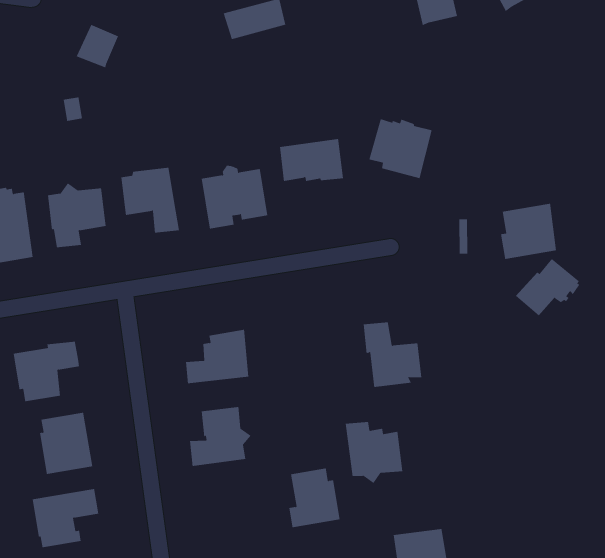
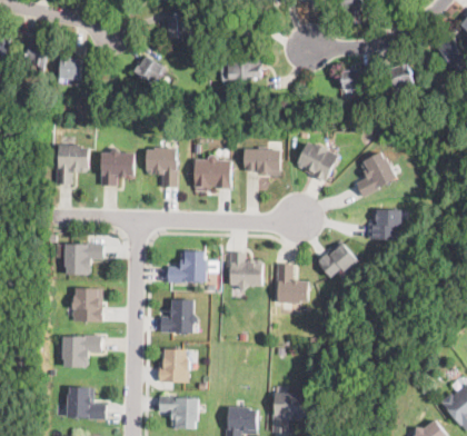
building: none -> [357,151,397,196]
building: [515,258,580,316] -> [317,241,357,275]
building: [345,421,403,484] -> [230,250,262,289]
building: [288,468,341,528] -> [158,348,188,380]

